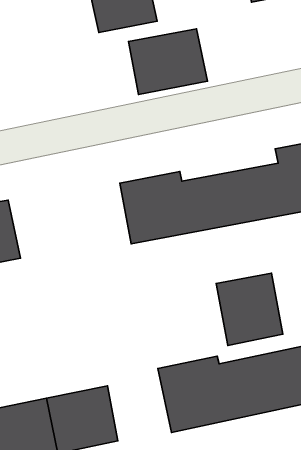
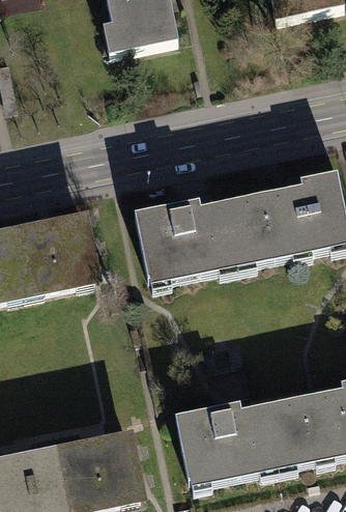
building: [129,29,207,94] -> none
building: none -> [13,218,97,295]
building: [216,273,283,345] -> none

